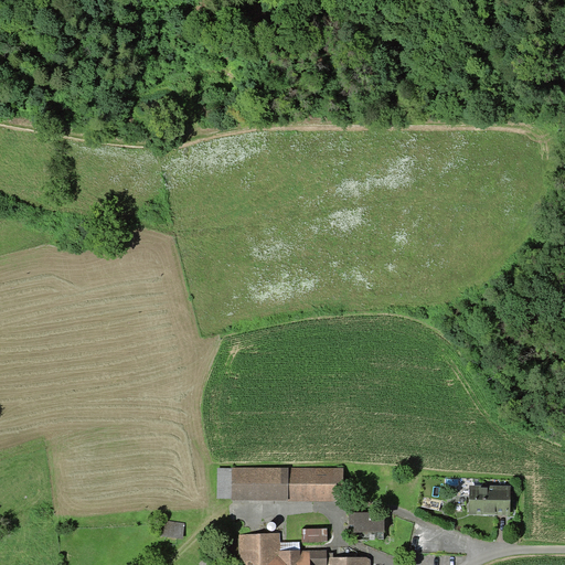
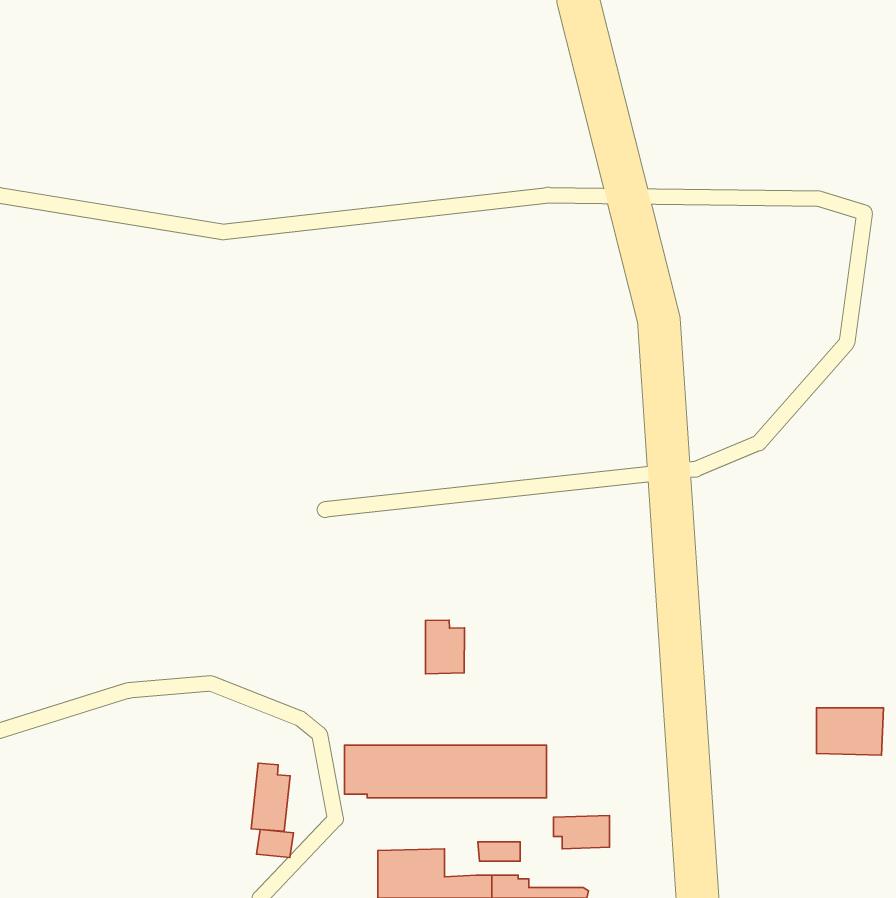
building: none -> [425,620,465,674]
building: none -> [251,763,290,831]
building: [468,486,510,515] -> [817,708,883,755]

